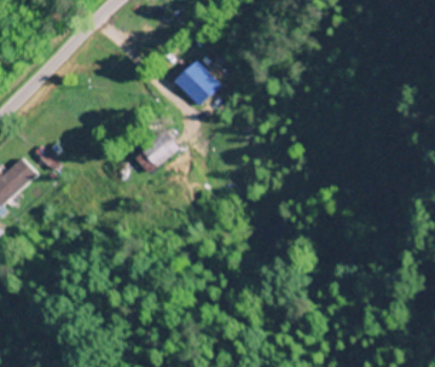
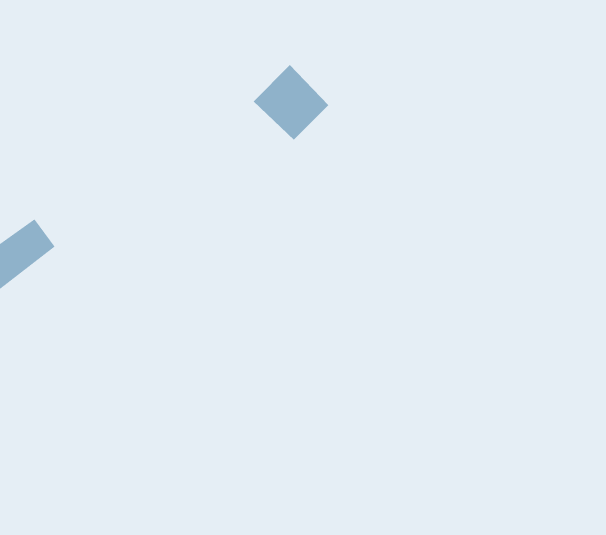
building: [128,130,175,173] -> none

